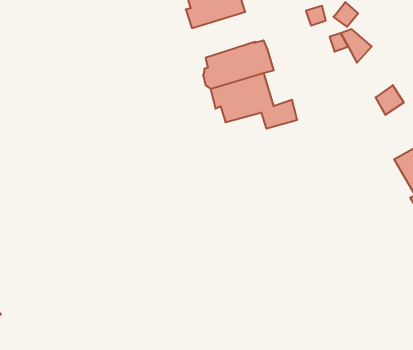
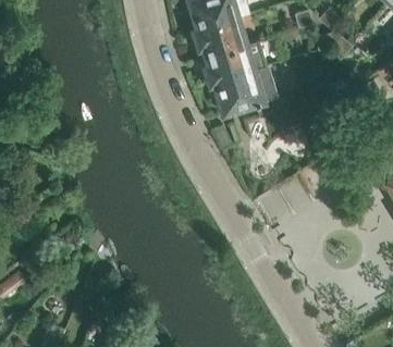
building: none -> [194,17,250,58]

